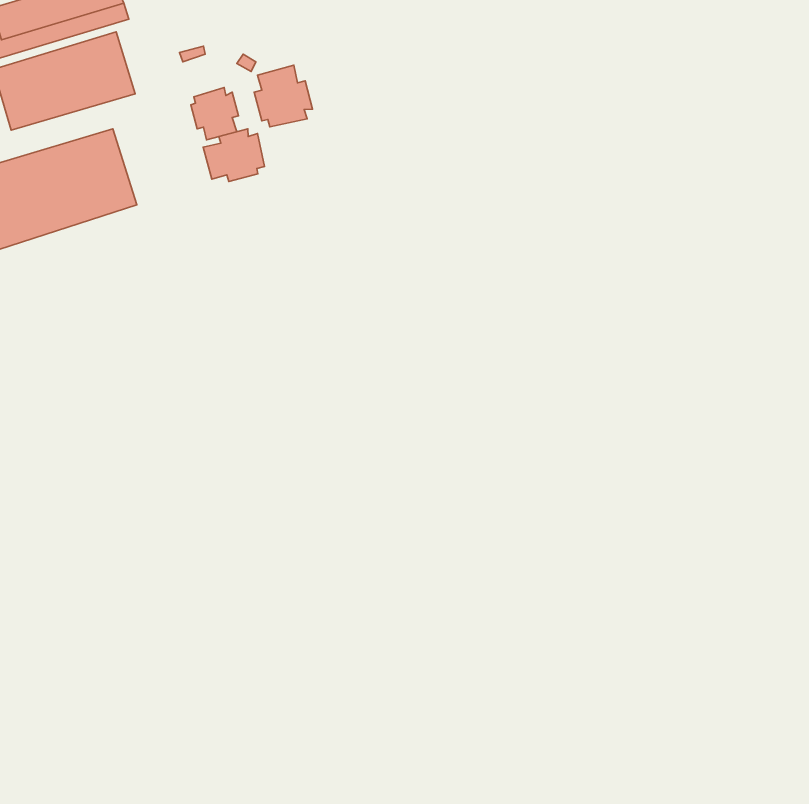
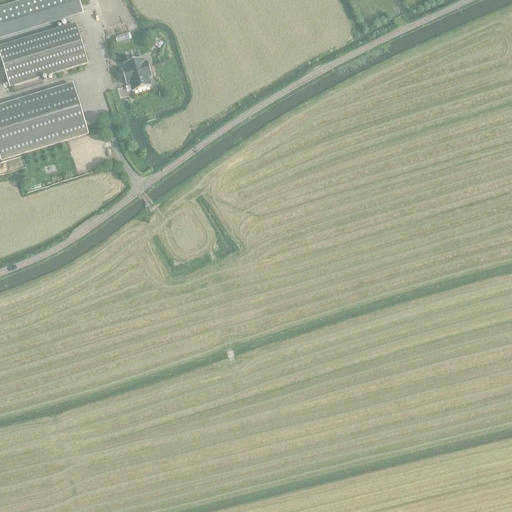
building: [254,65,313,127] -> none
building: [203,129,264,181] -> none

